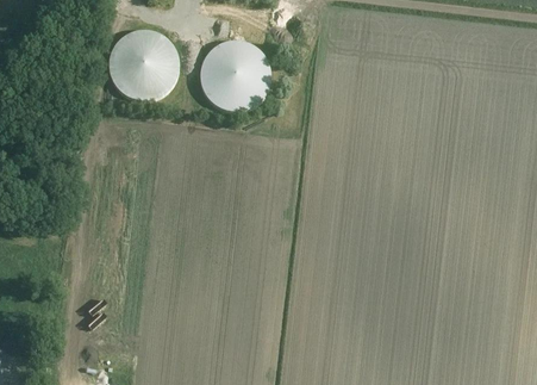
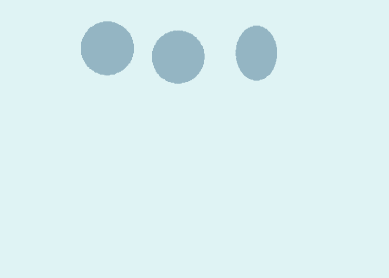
building: none -> [235,25,278,82]

